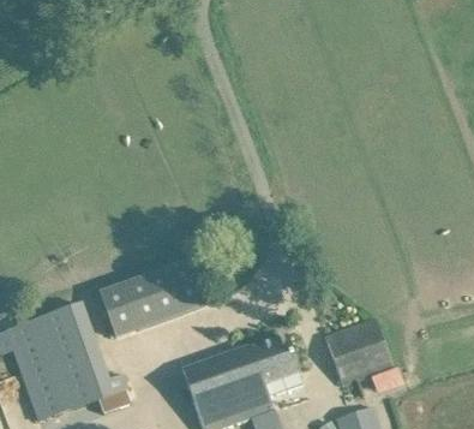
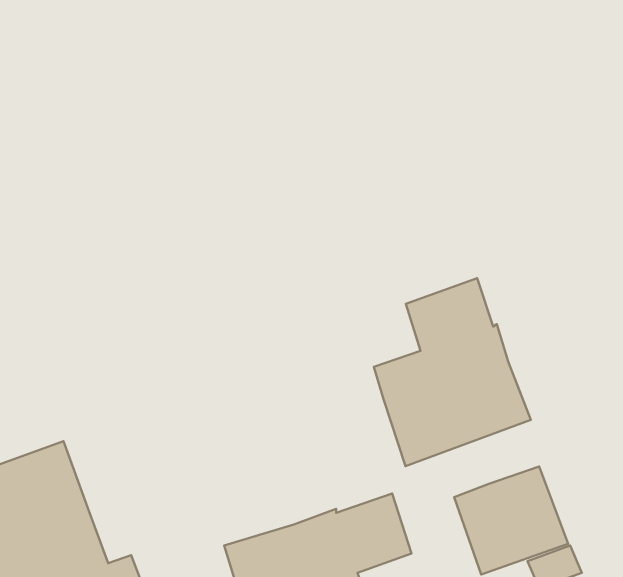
building: none -> [374,278,531,466]
building: [100,258,205,338] -> none

